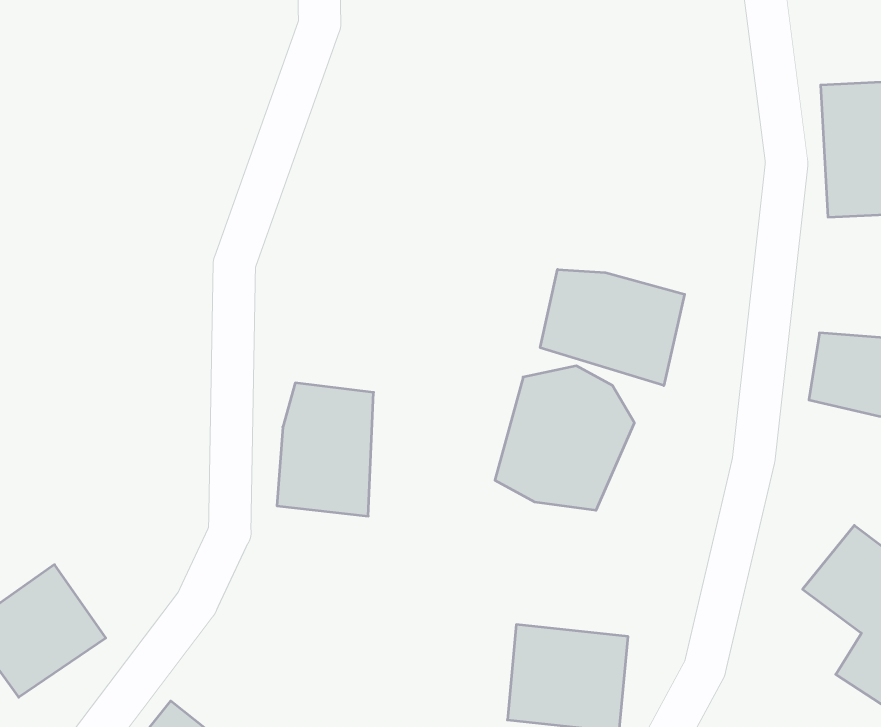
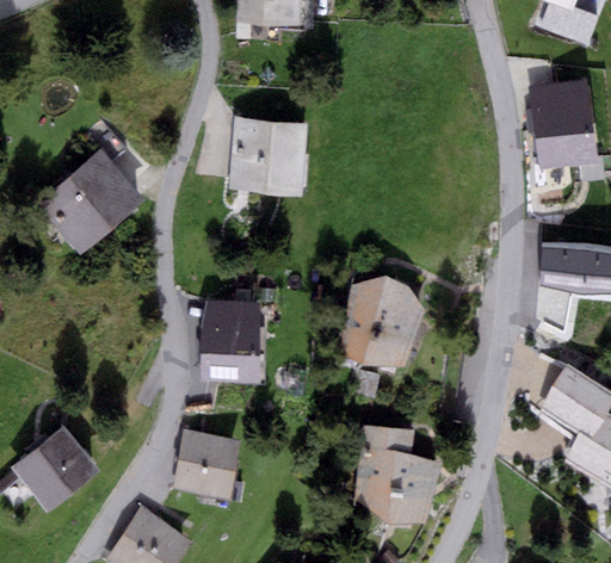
building: none -> [228,118,307,196]
building: none -> [36,148,143,254]
building: [540,269,685,386] -> none
building: none -> [173,429,241,500]

